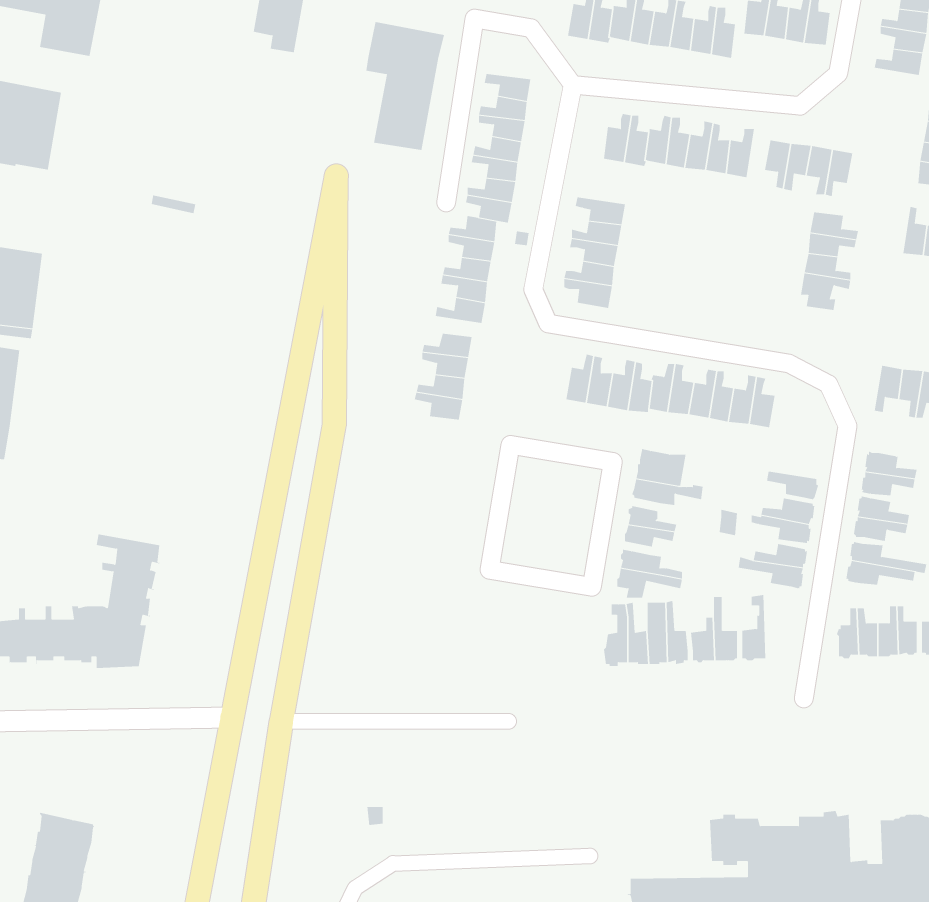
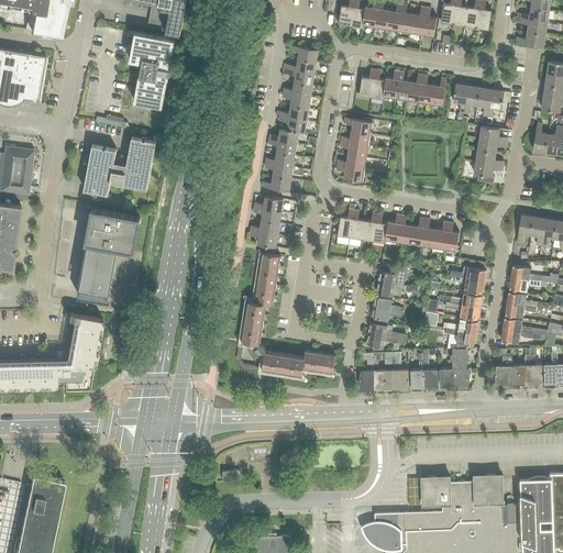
building: [365,22,445,150] -> [129,32,175,107]
building: none -> [82,137,155,195]
building: none -> [77,210,140,302]
building: none -> [235,252,334,377]
building: none -> [449,261,486,281]
building: none -> [452,349,468,386]

